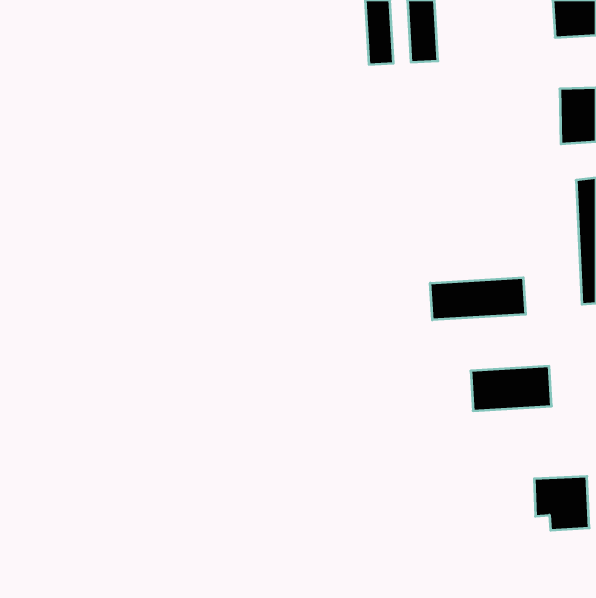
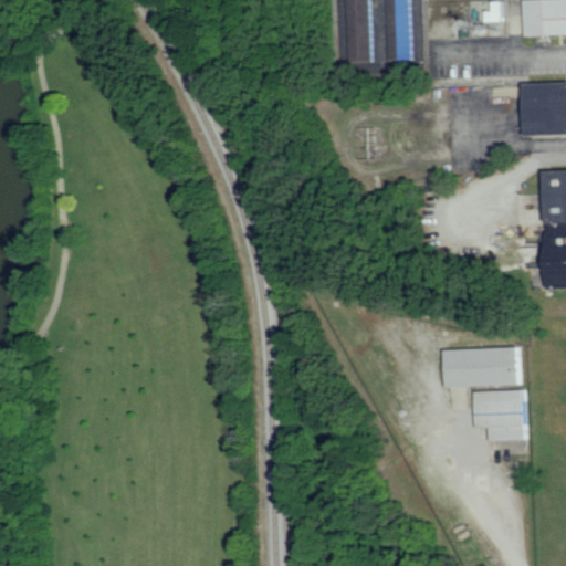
building: [430,278,526,320] -> none
building: [534,476,589,530] -> [474,389,526,440]

